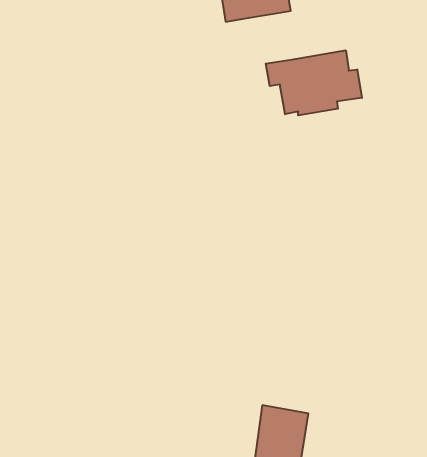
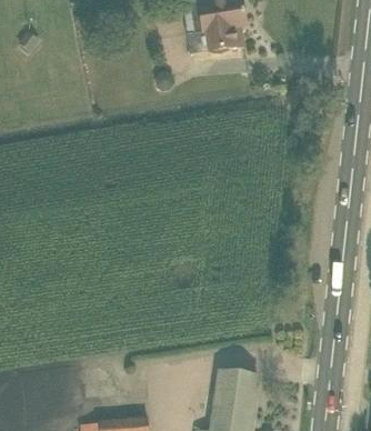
building: [266,50,362,115] -> none

